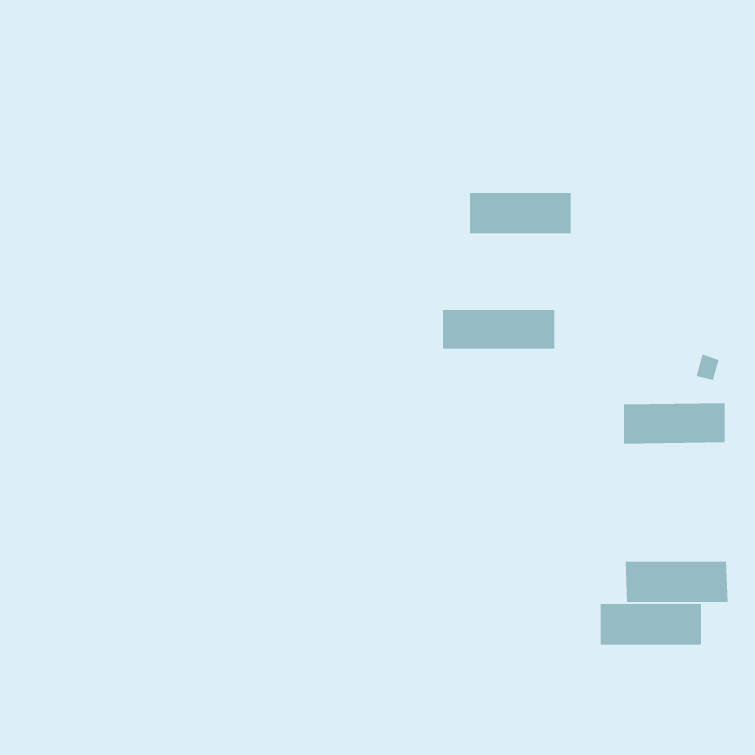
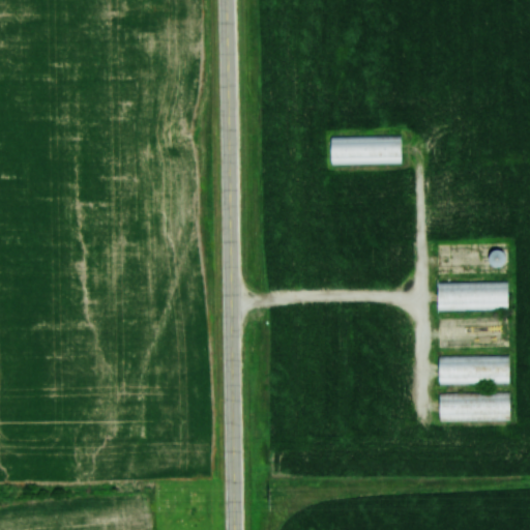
building: [442,309,555,350] -> none
building: [600,604,702,645] -> [438,356,509,385]

